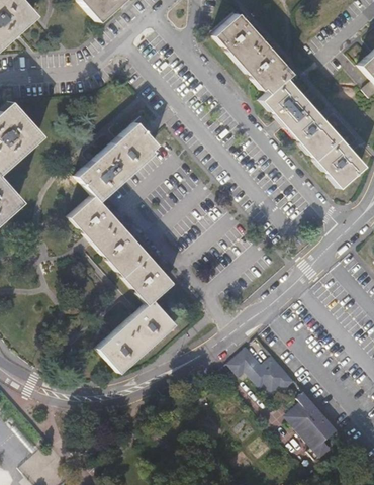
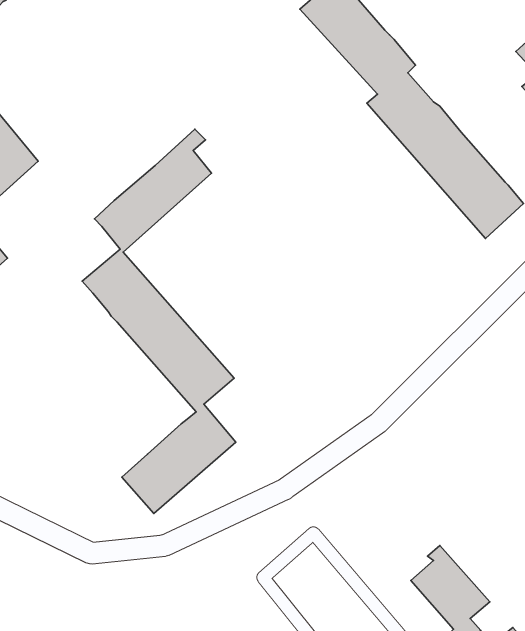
building: [231,351,297,393] -> none

